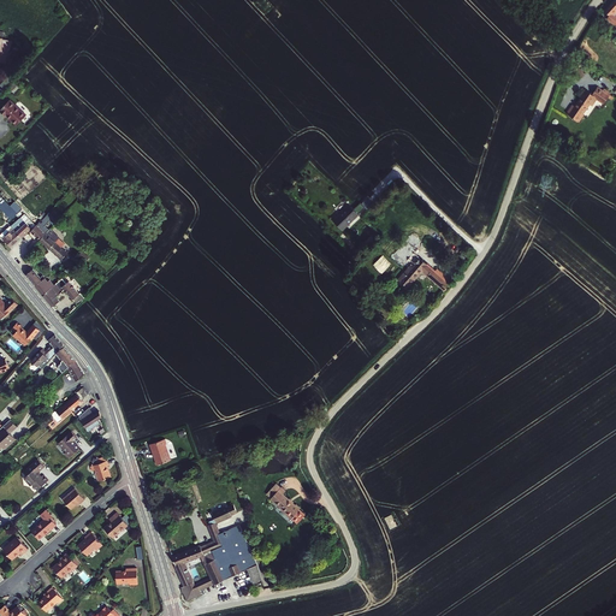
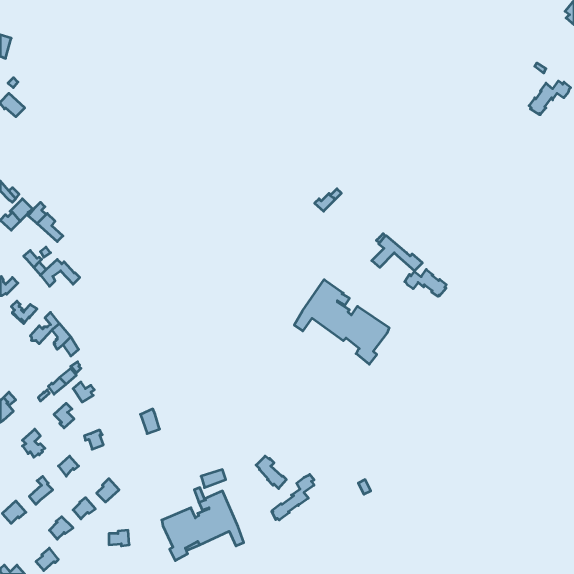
building: none -> [405,269,446,296]
building: none -> [294,280,389,364]
building: none -> [272,474,314,520]

